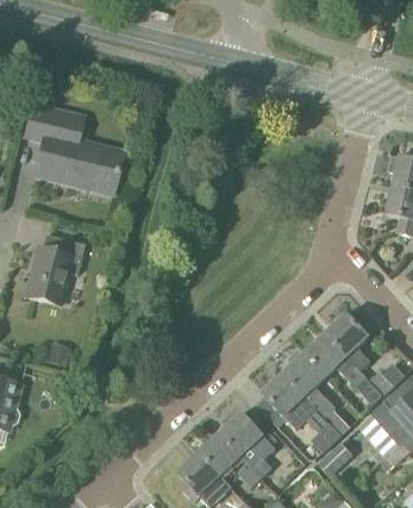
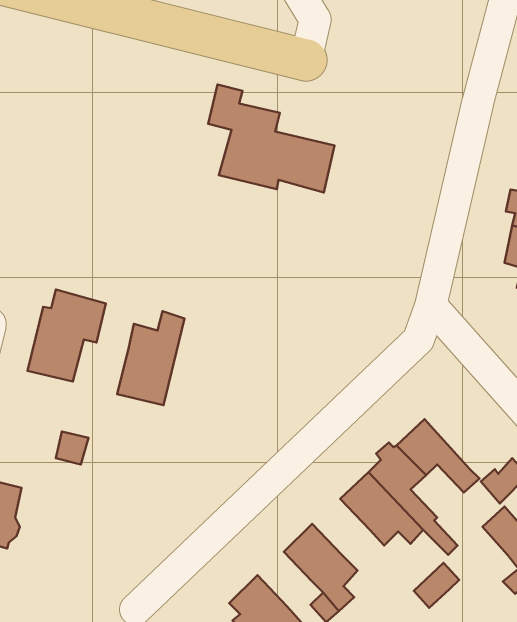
building: [26,105,123,187] -> [208,85,335,192]
building: none -> [117,311,185,405]
building: [327,313,371,370] -> none
building: [200,433,242,475] -> none

